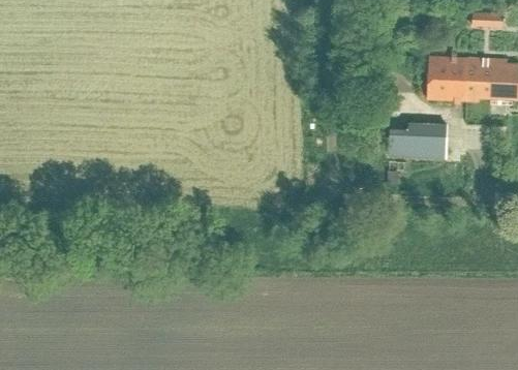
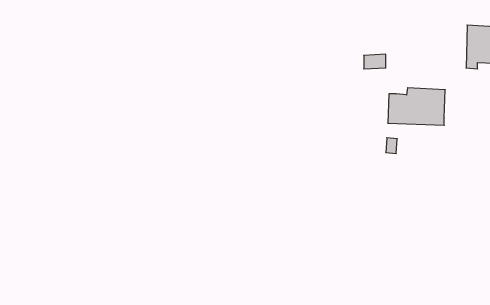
building: [429,57,468,101] -> none

